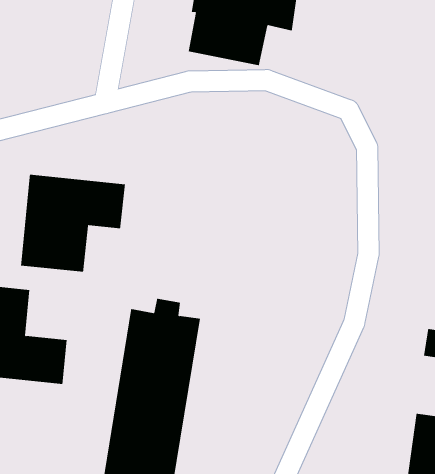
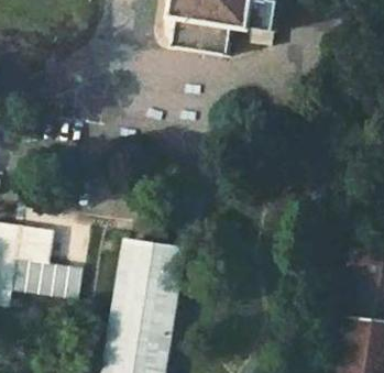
building: [21,174,125,272] -> none

